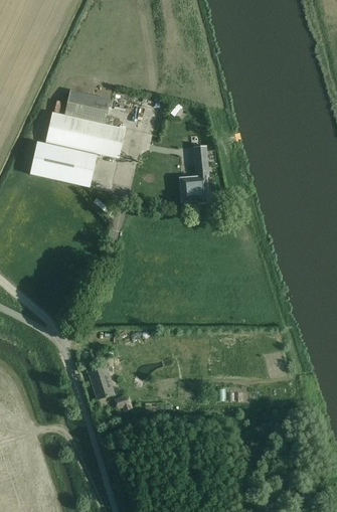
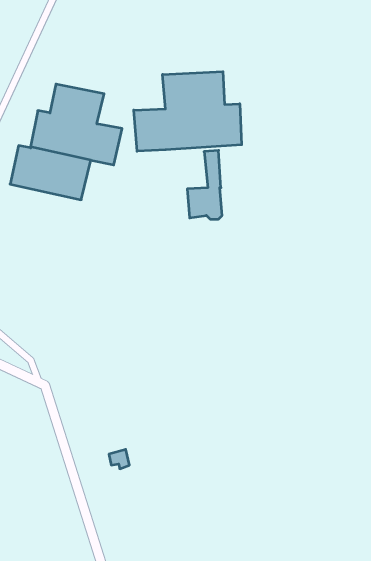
building: none -> [134,72,242,151]
building: [88,365,114,398] -> none

